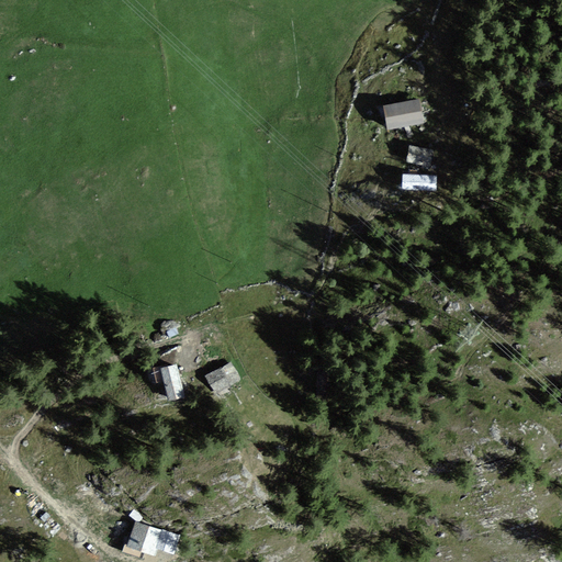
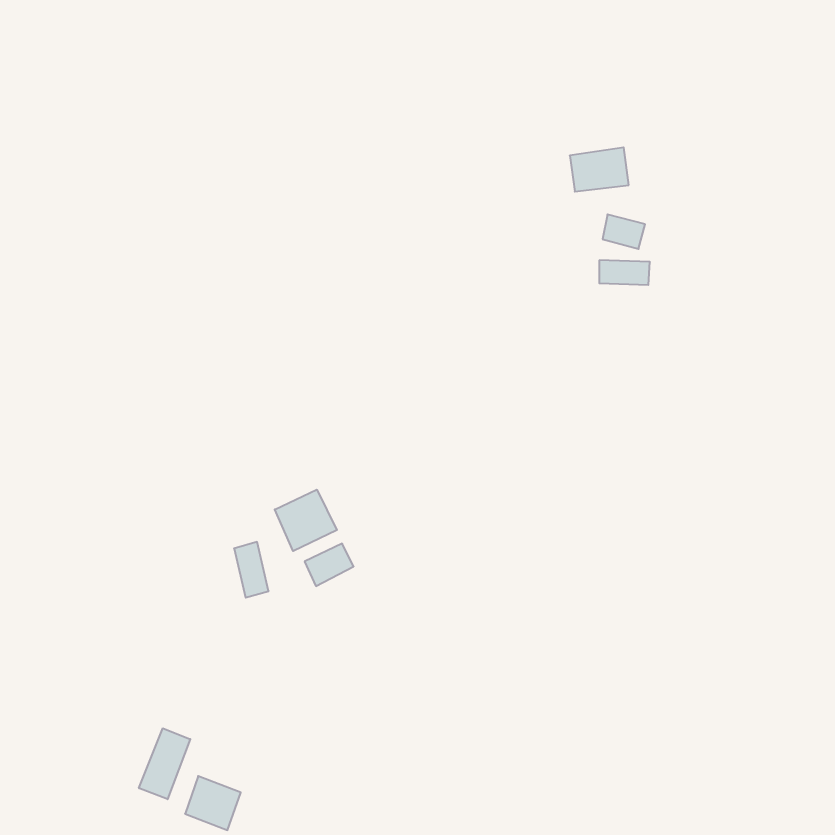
building: none -> [275,490,337,551]
building: none -> [139,728,190,799]

